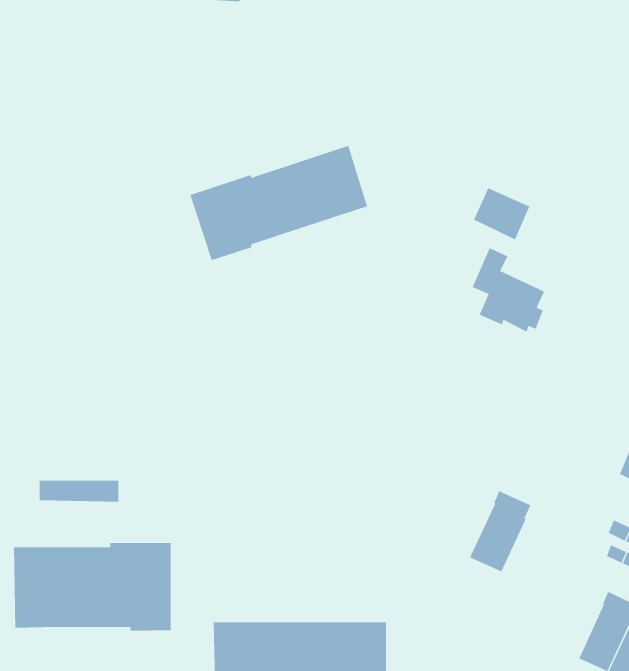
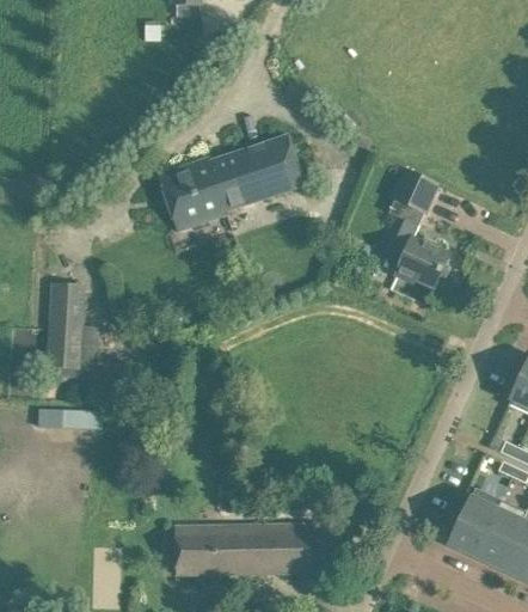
building: none -> [47,283,84,369]
building: [470,490,531,572] -> [449,488,499,555]
building: [14,542,171,632] -> none

